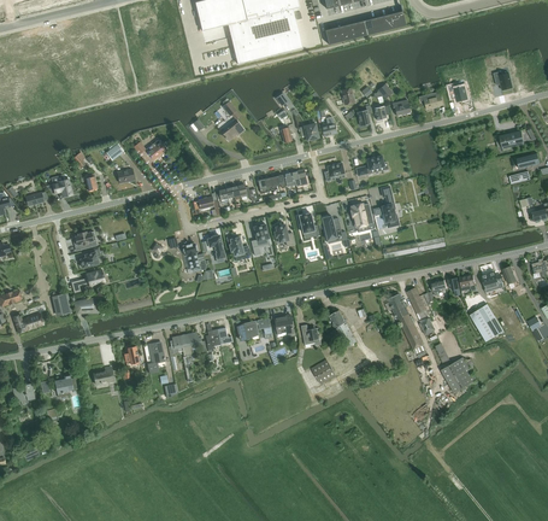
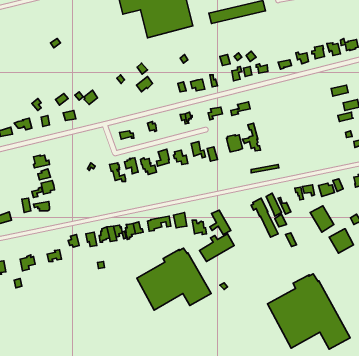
building: [440,357,475,392] -> [329,229,354,253]
building: none -> [137,248,211,310]
building: none -> [267,274,350,349]

